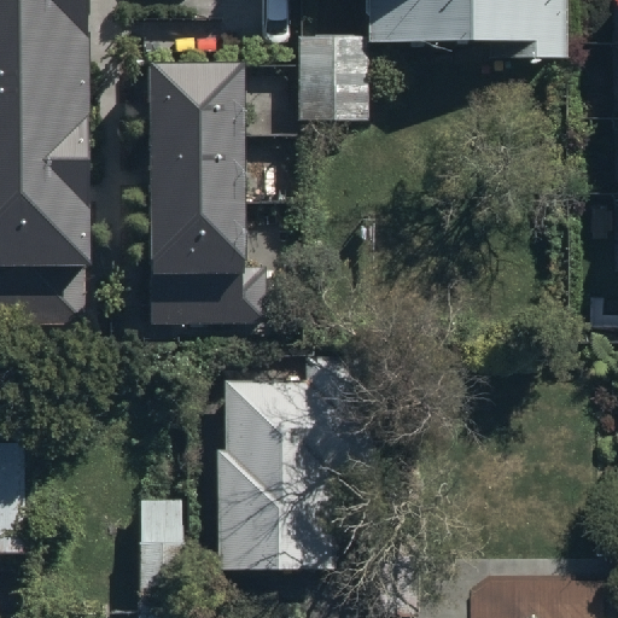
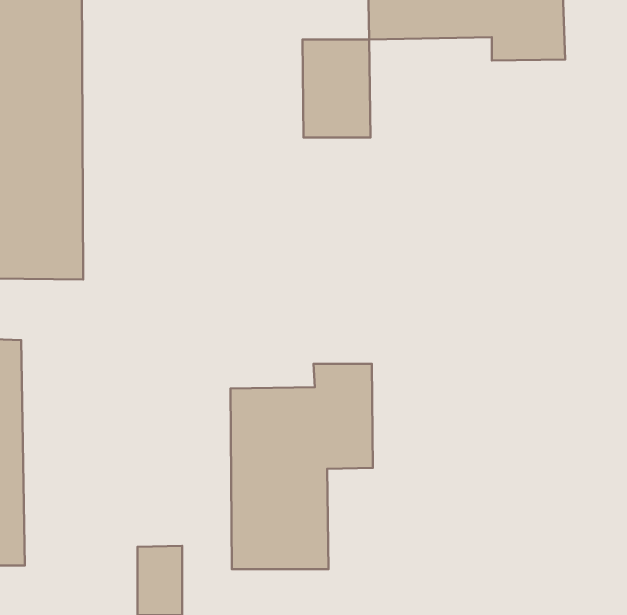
building: [138,63,247,282] -> none

